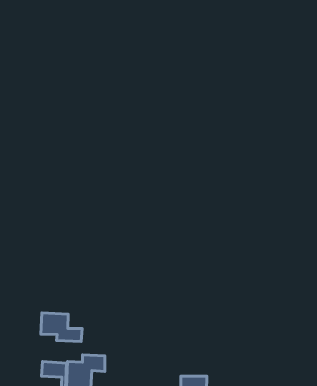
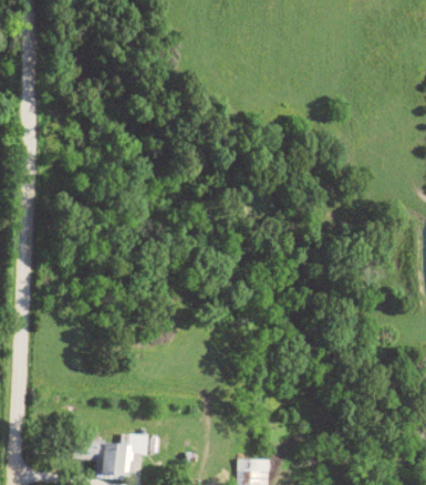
building: [41,313,82,342] -> none

